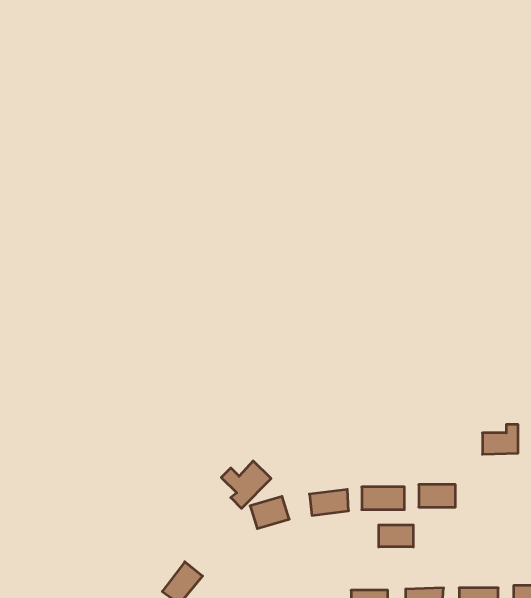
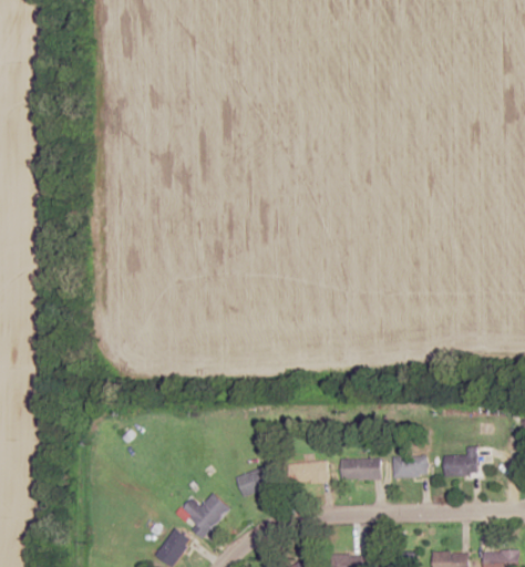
building: [482,425,518,454] -> [444,449,477,476]
building: [221,461,271,508] -> [183,493,229,537]
building: [379,525,413,547] -> none

